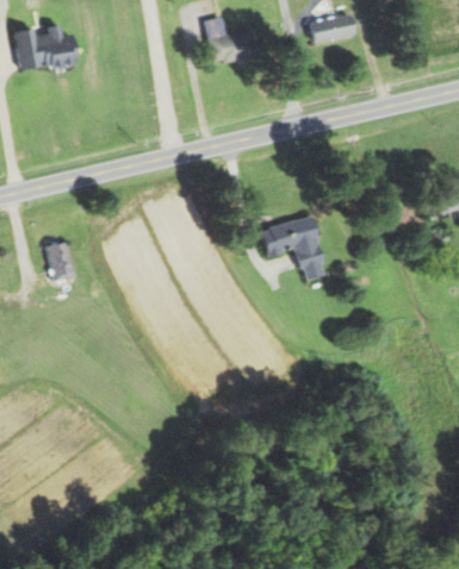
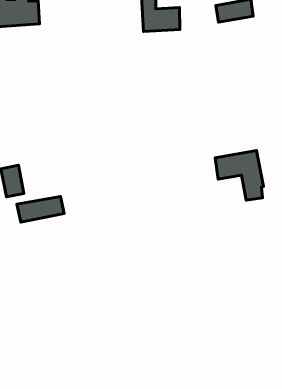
building: [259,217,322,280] -> [215,151,263,200]
building: none -> [17,197,64,222]

